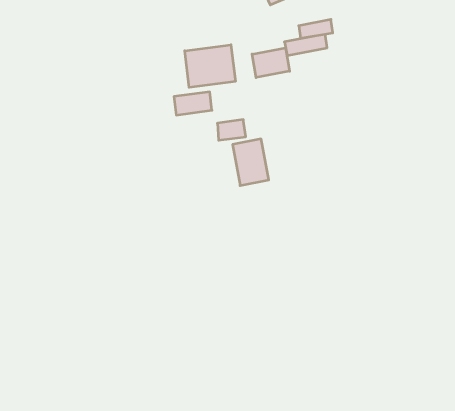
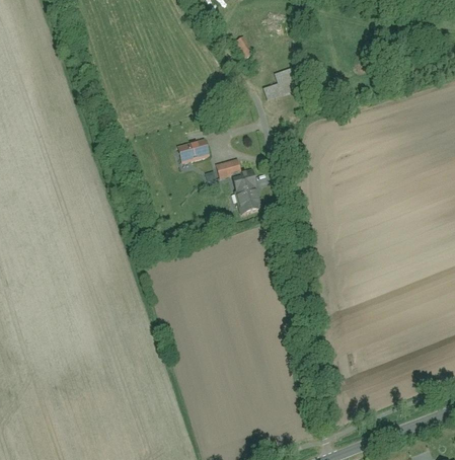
building: [185,45,235,87] -> none
building: [252,48,290,78] -> none

